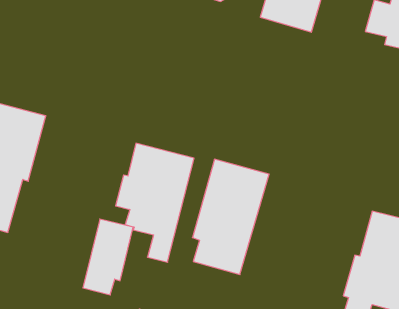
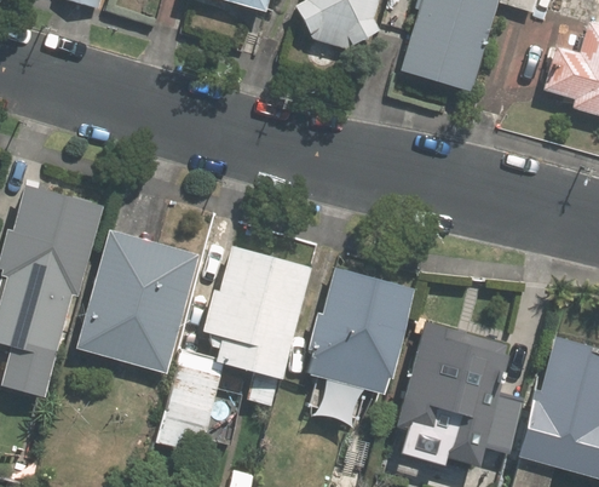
building: none -> [74,228,201,373]
building: none -> [393,319,512,465]

